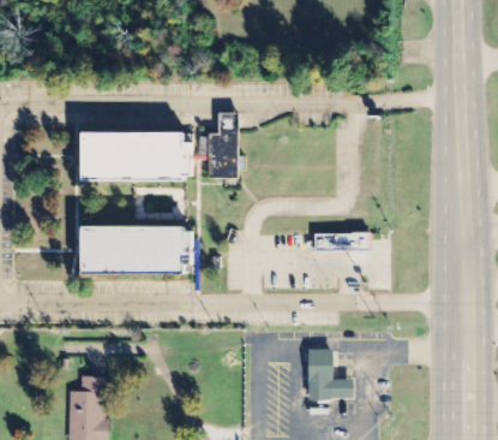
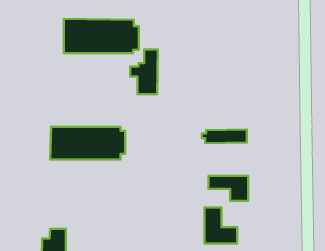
building: [82,131,192,182] -> [64,19,139,53]
building: none -> [209,176,248,201]

